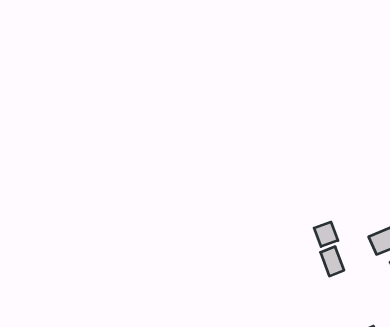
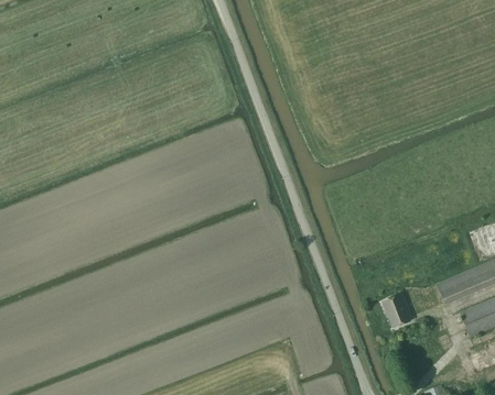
building: [314,222,338,247] -> none

